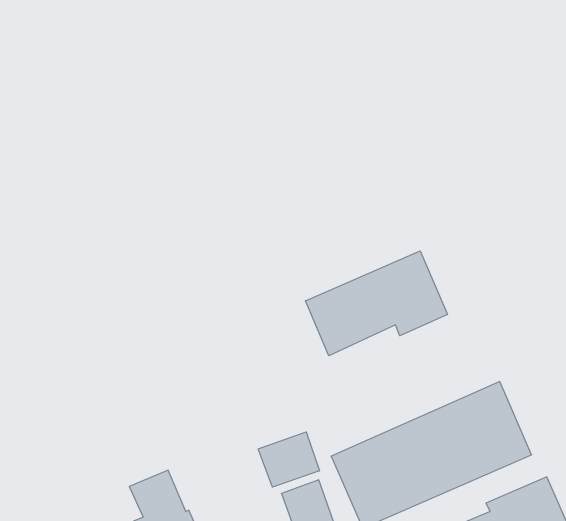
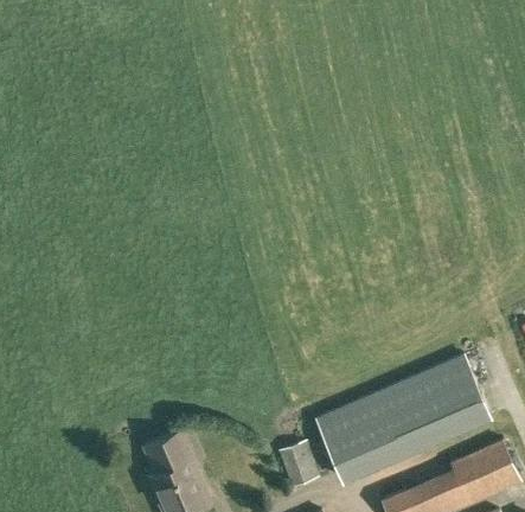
building: [305,251,447,356] -> none
building: [258,432,319,487] -> none

